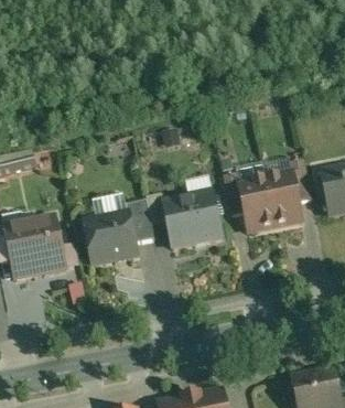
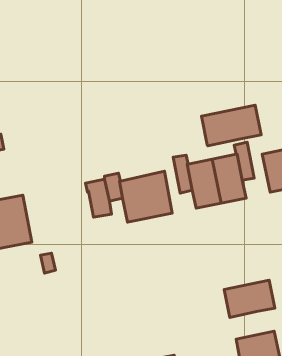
building: none -> [202,105,261,146]
building: [86,213,138,264] -> none
building: none -> [224,280,275,317]

